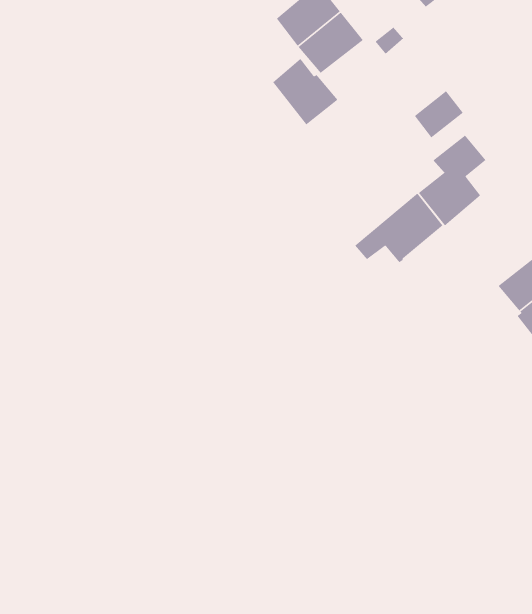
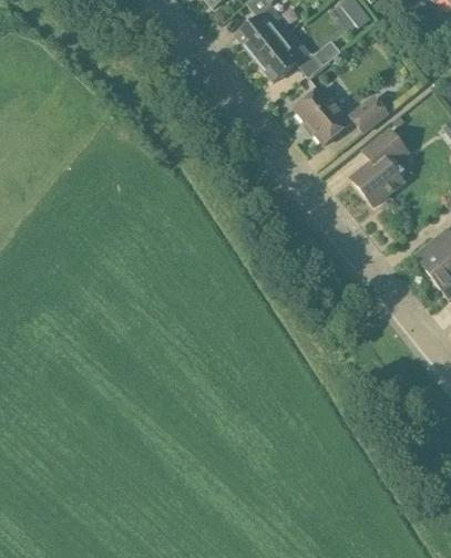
building: [272,58,338,126] -> [295,87,349,143]
building: [354,192,444,263] -> none

